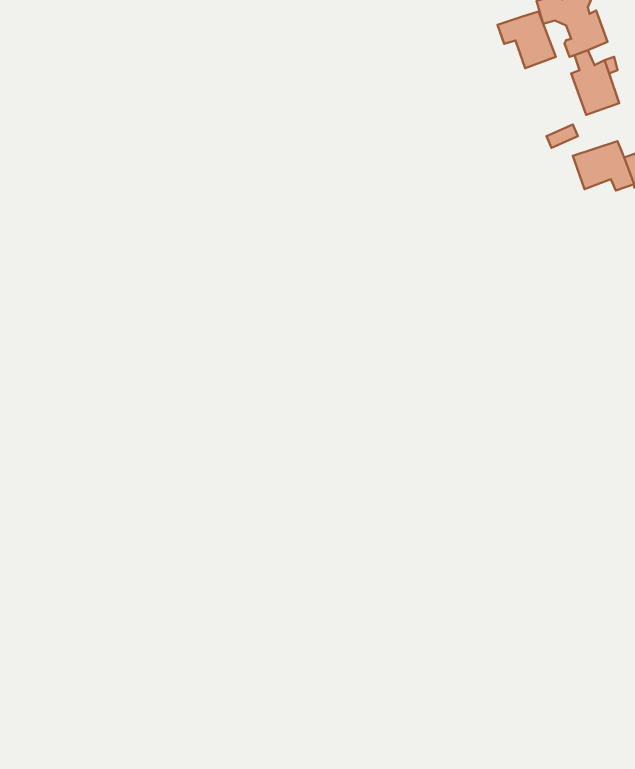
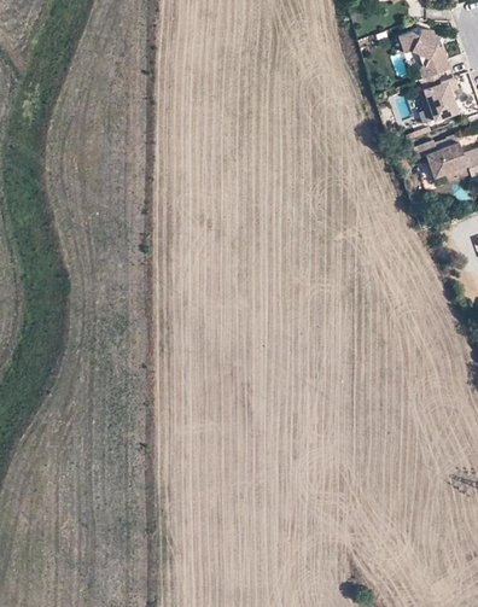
building: [498,11,556,68] -> none

